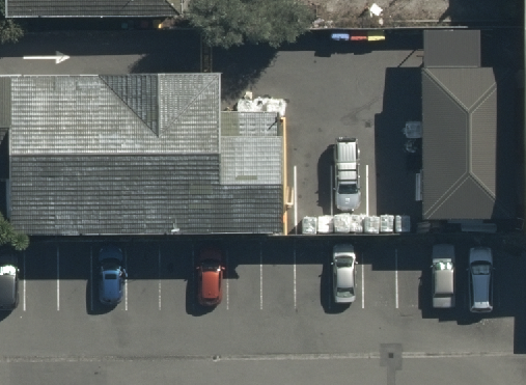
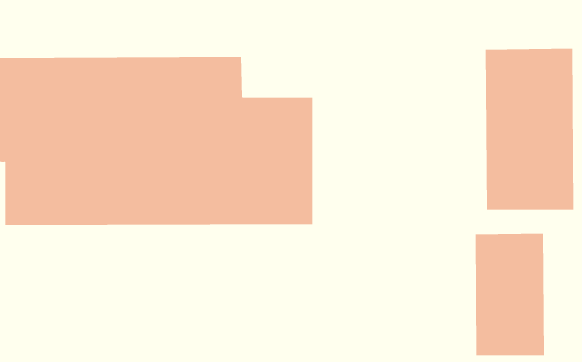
building: none -> [475,233,544,356]

